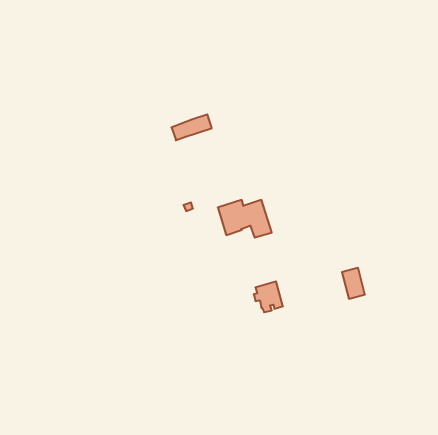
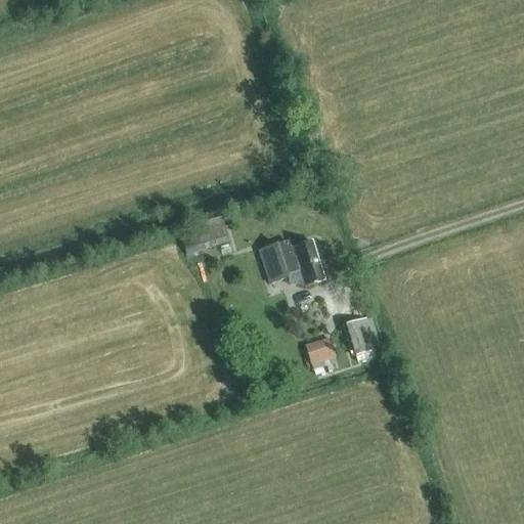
building: [171,114,212,140] -> [181,222,229,253]
building: [342,268,365,299] -> [350,317,378,354]

